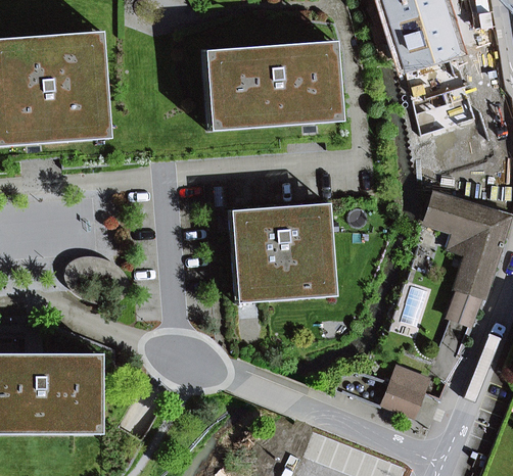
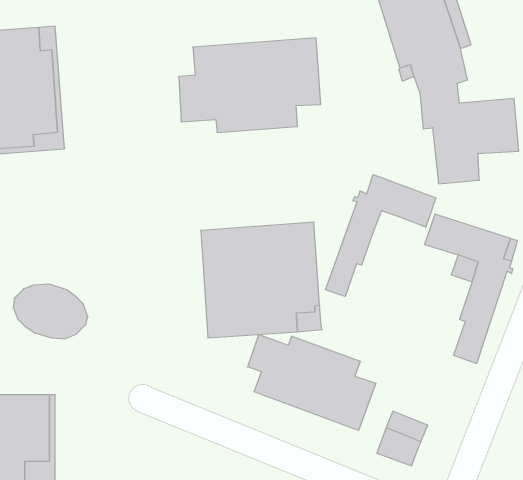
building: [202,40,340,130] -> none
building: none -> [326,175,436,296]
building: none -> [248,334,376,430]

